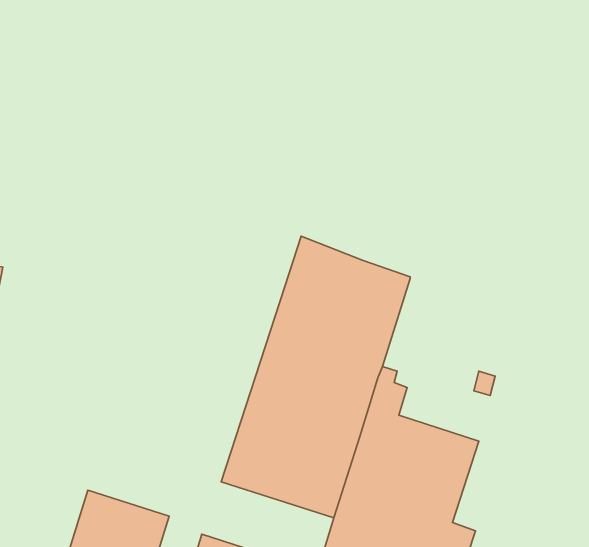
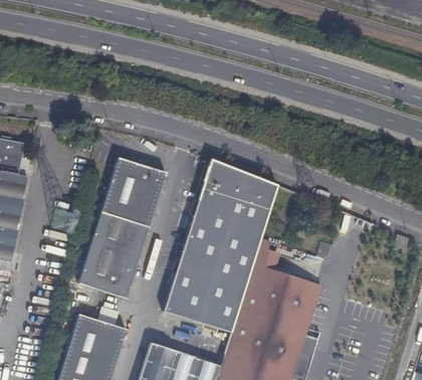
building: none -> [77,156,169,301]

